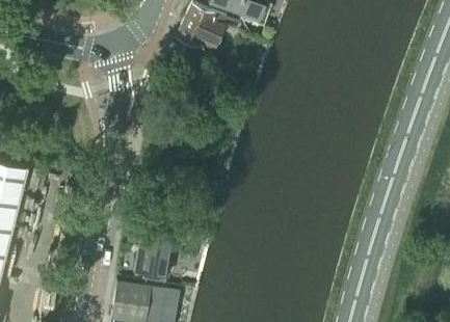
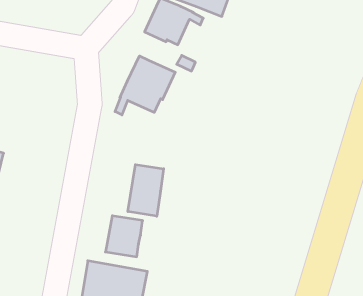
building: none -> [115,56,175,115]
building: none -> [128,165,164,216]

